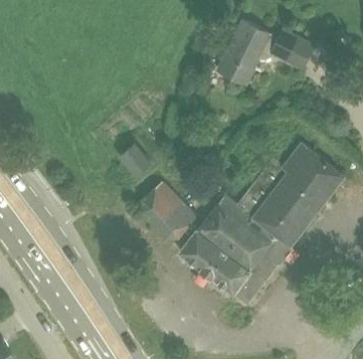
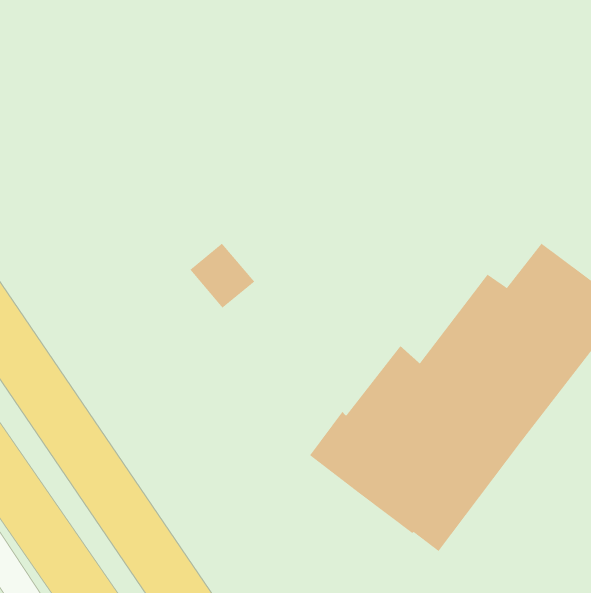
building: [218,20,314,84] -> none
building: [142,181,197,238] -> none

